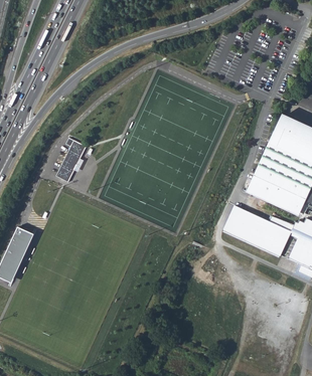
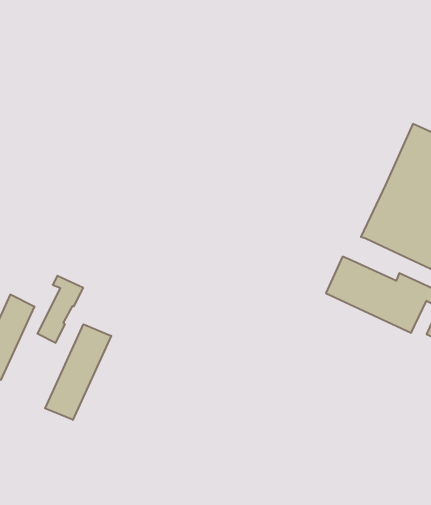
building: [54,140,85,184] -> [37,276,83,343]
building: none -> [45,324,111,420]

